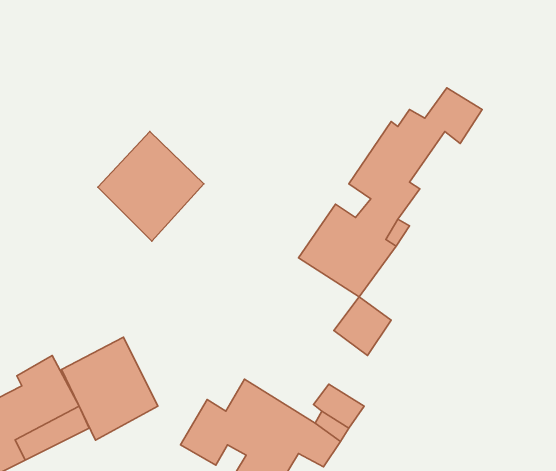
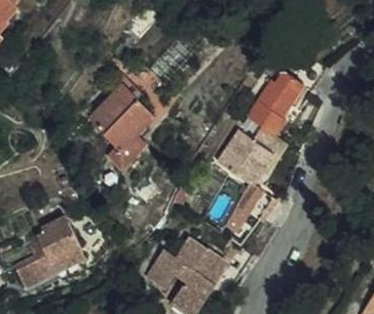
building: [61,337,158,440] -> none

